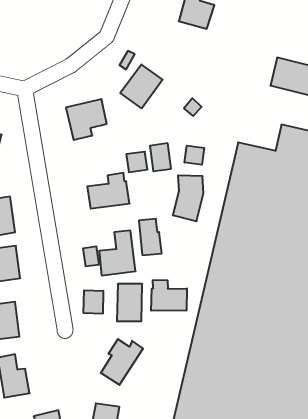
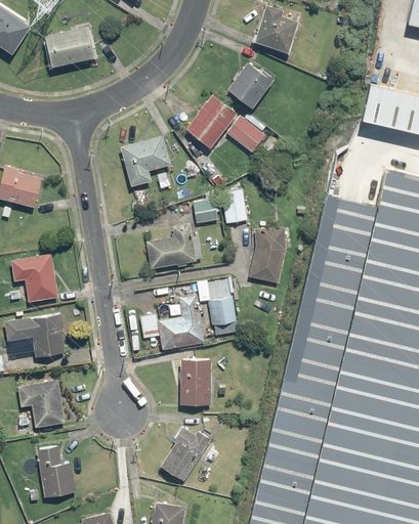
building: none -> [45,28,95,68]
building: none -> [228,61,275,107]
building: none -> [227,114,265,152]
building: [185,146,204,165] -> none
building: [151,280,187,311] -> none
building: [84,290,103,314] -> none

